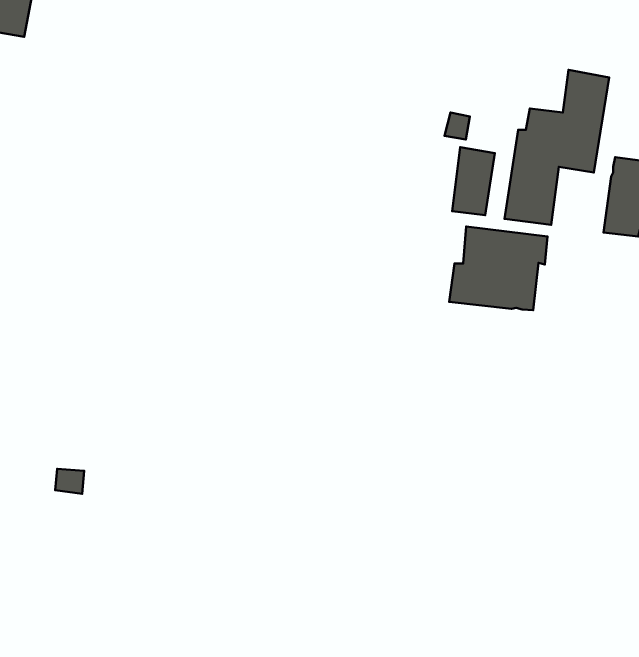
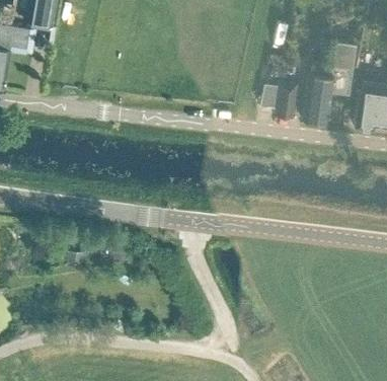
building: [449,227,548,310] -> none

